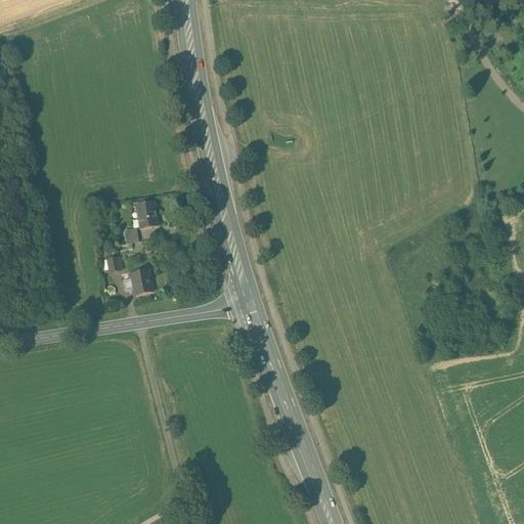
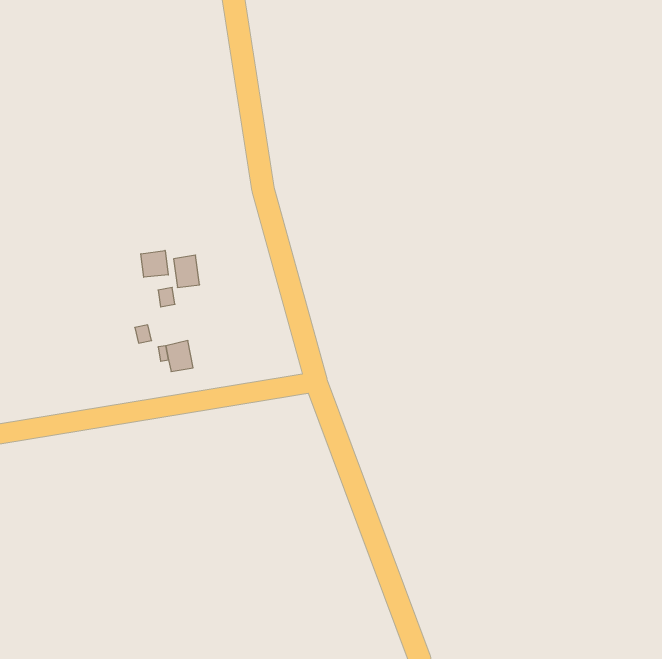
building: none -> [141,250,168,277]

